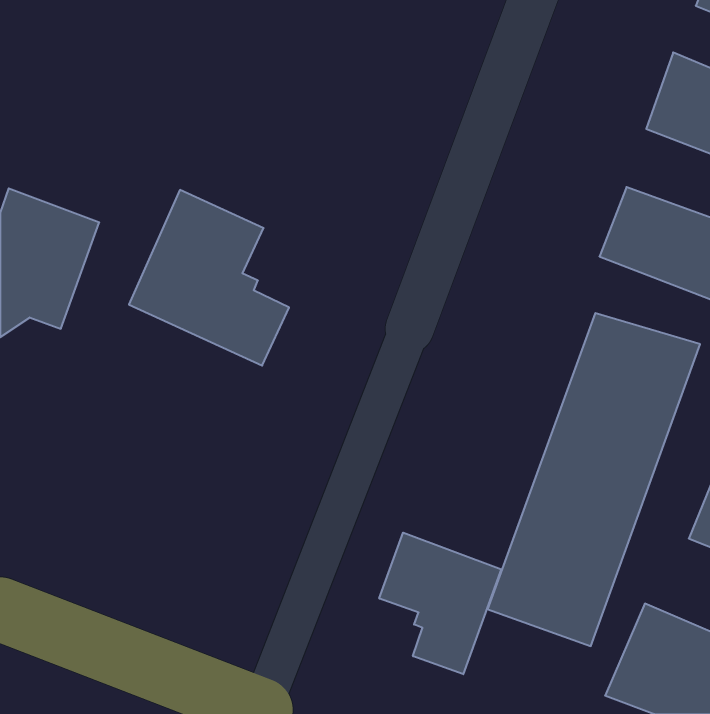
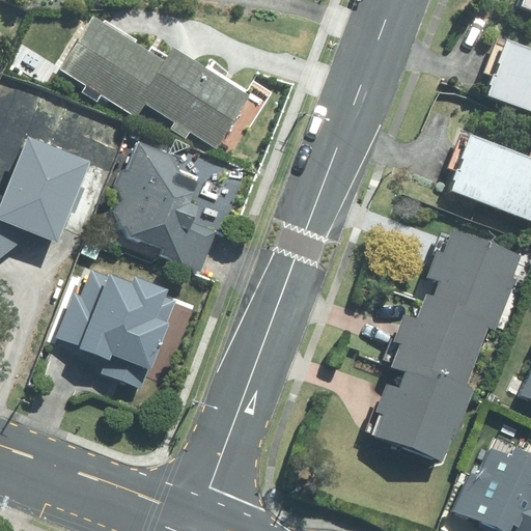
building: none -> [58,12,250,145]
building: none -> [56,268,167,400]
building: [379,533,501,674] -> none

